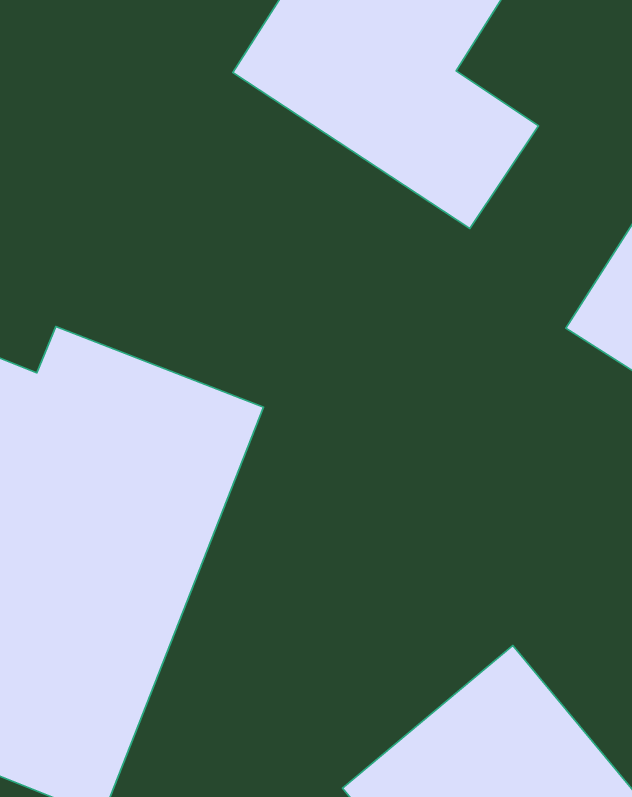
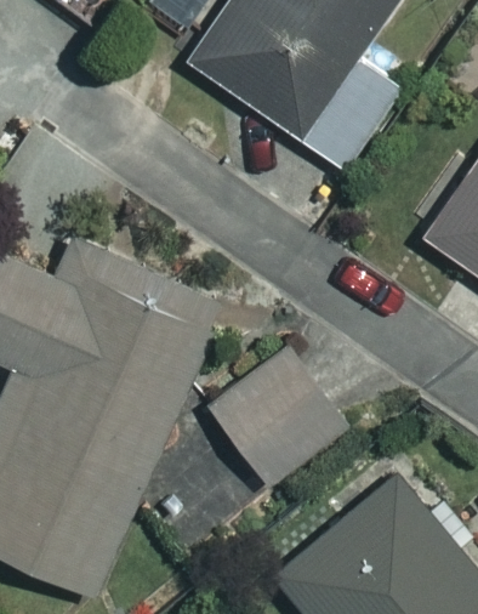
building: none -> [207,347,346,487]

